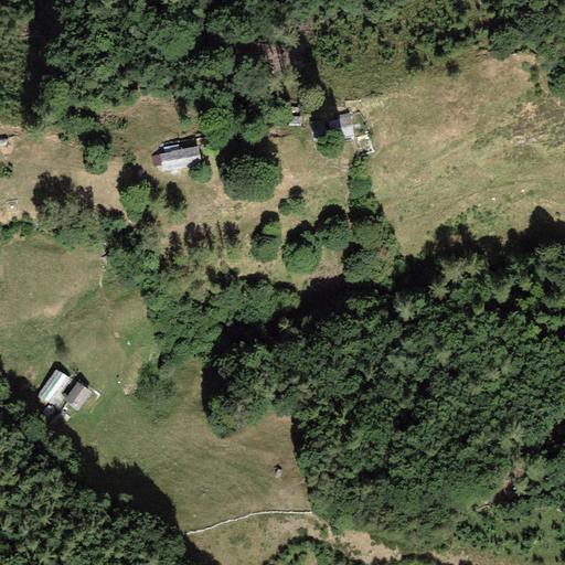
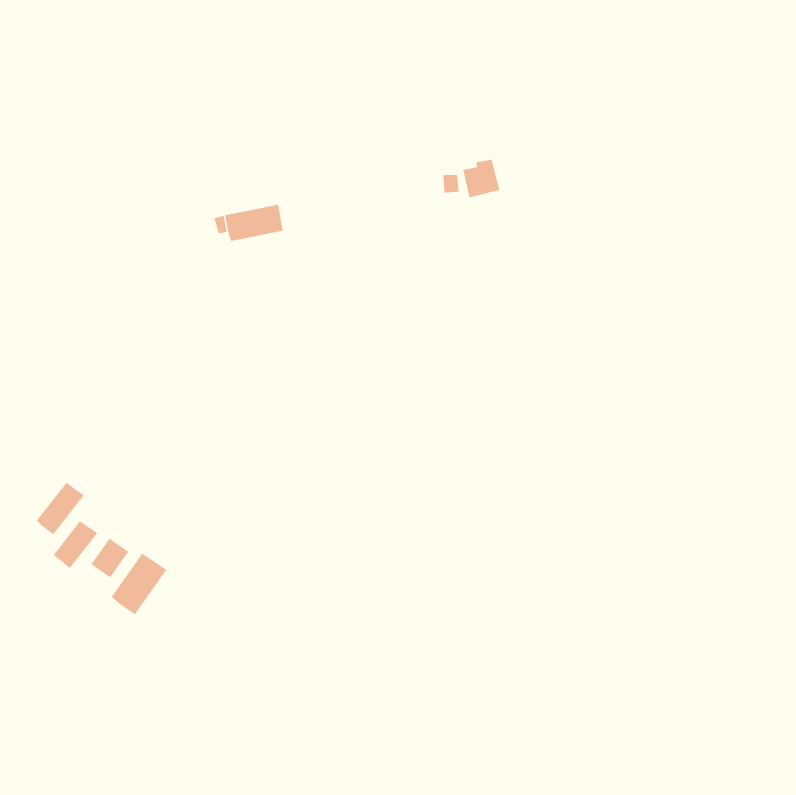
building: none -> [36,482,84,535]
building: none -> [111,553,167,615]

